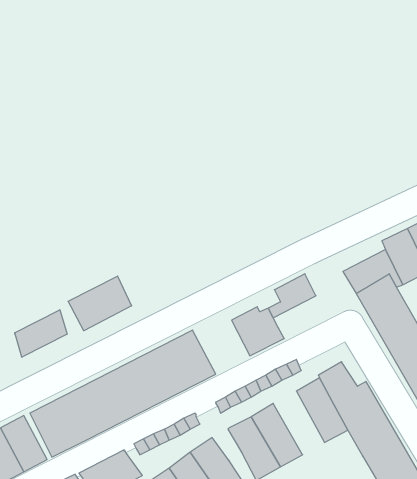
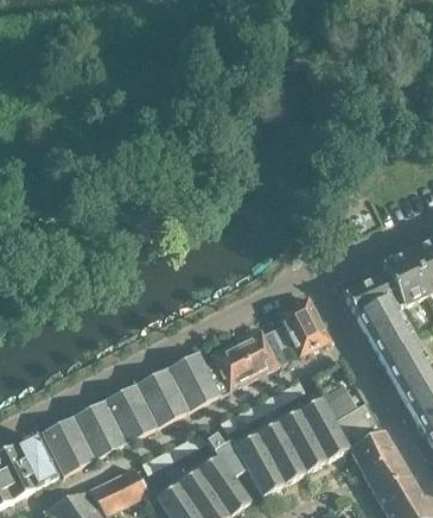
building: [68,276,132,331] -> none
building: none -> [276,317,329,353]
building: [15,310,67,357] -> none
building: none -> [205,341,254,393]
building: none -> [276,410,326,472]
building: none -> [206,432,246,478]

